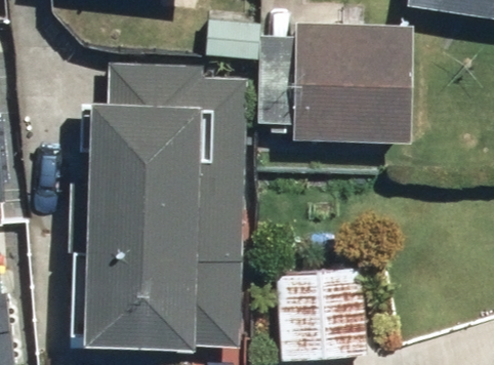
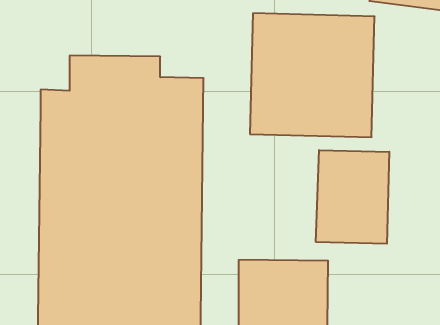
building: none -> [316,150,389,244]

